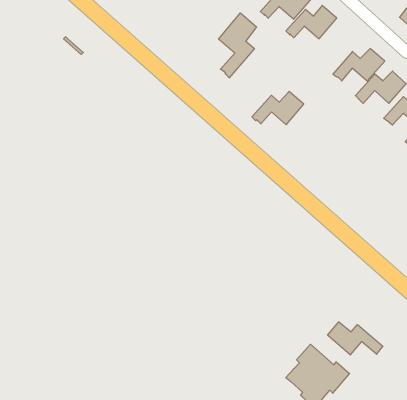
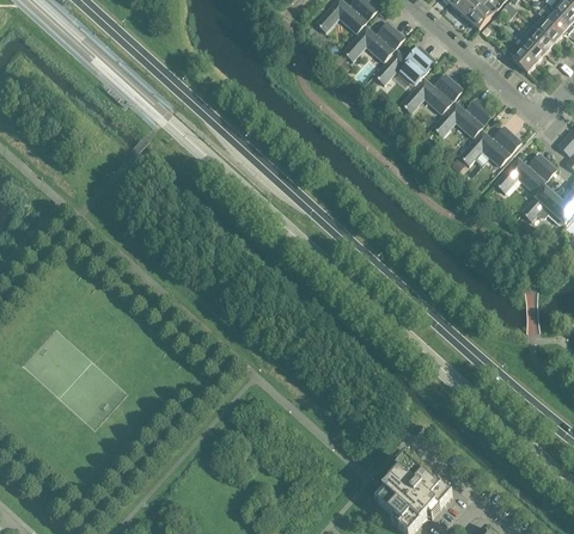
building: [219,13,257,78] -> none
building: [252,91,304,125] -> [399,73,463,113]
building: [328,322,383,355] -> none

